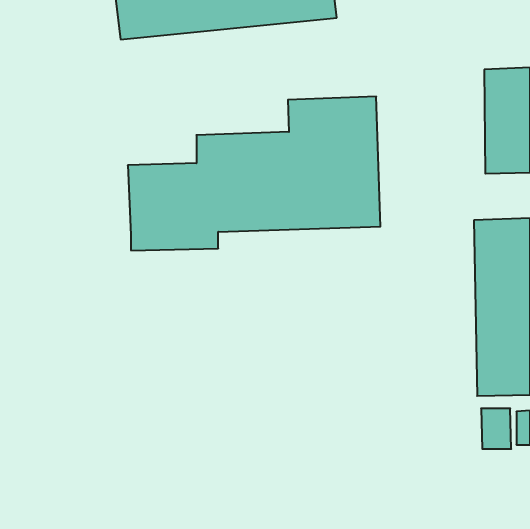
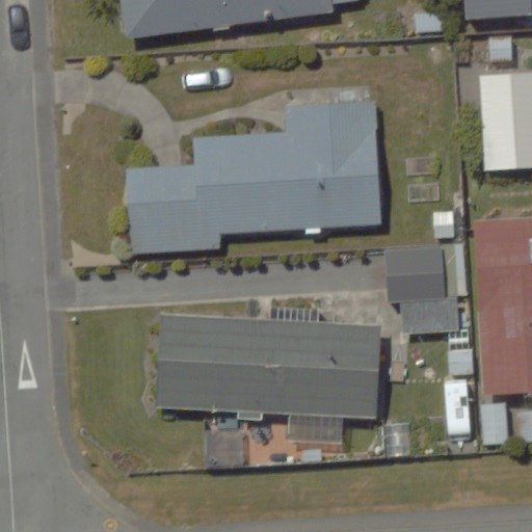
building: none -> [387,248,460,336]
building: none -> [159,315,380,420]

